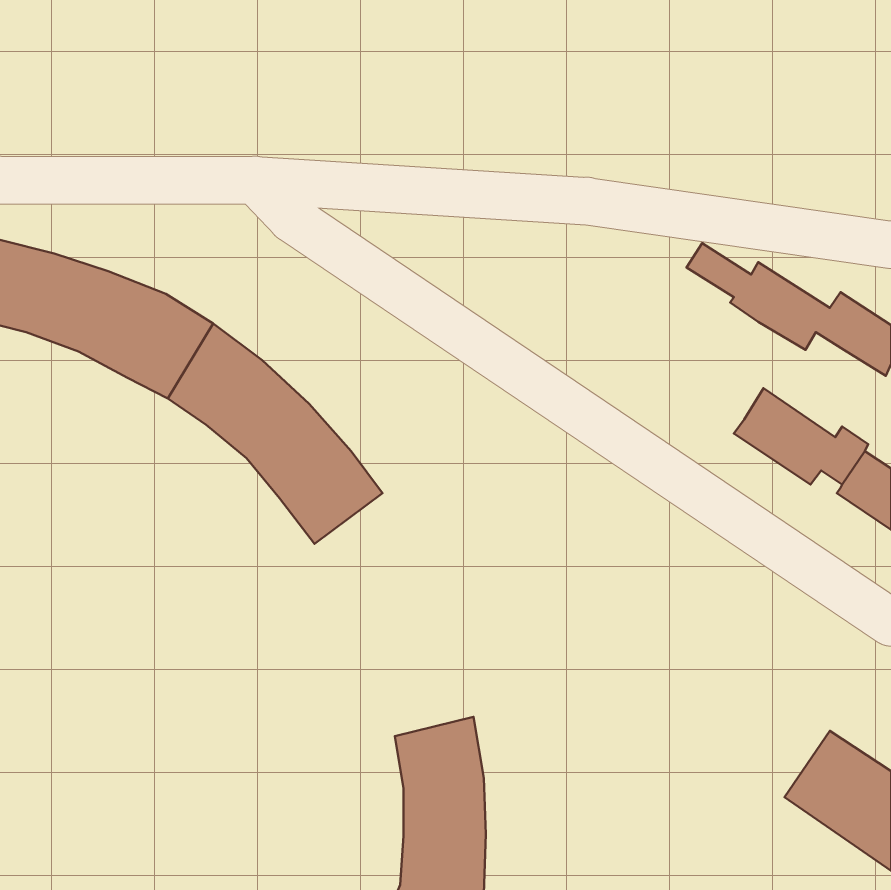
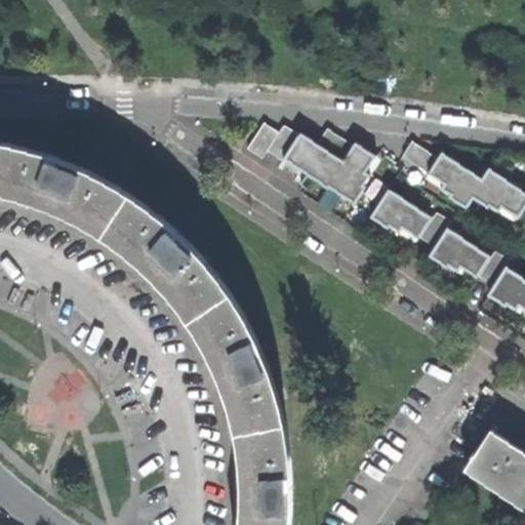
building: none -> [247,125,381,214]
building: none -> [373,193,452,248]
building: none -> [185,291,278,434]

